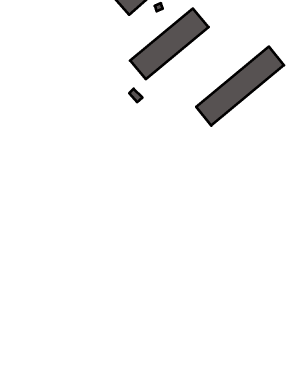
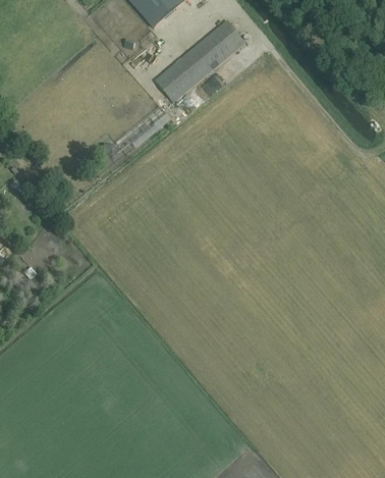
building: [196,47,284,126] -> none

